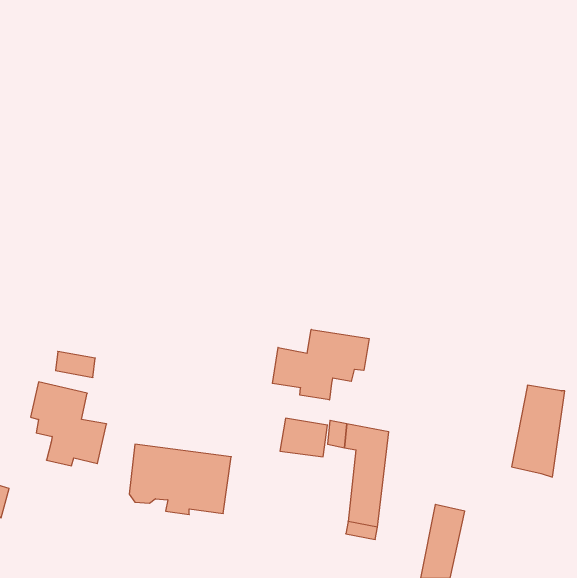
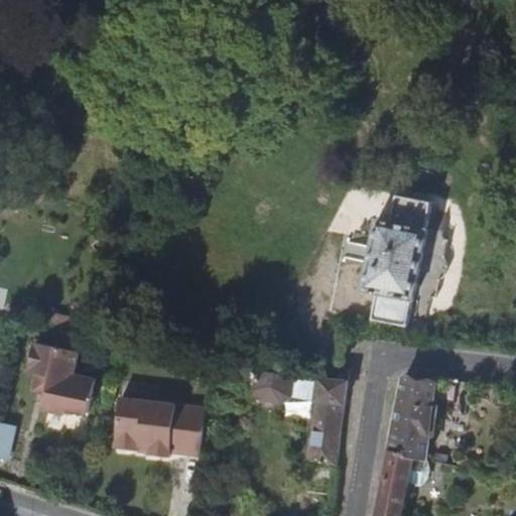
building: none -> [362,195,432,327]
building: [272,329,369,400] -> none
building: [512,385,565,477] -> [387,376,434,458]

